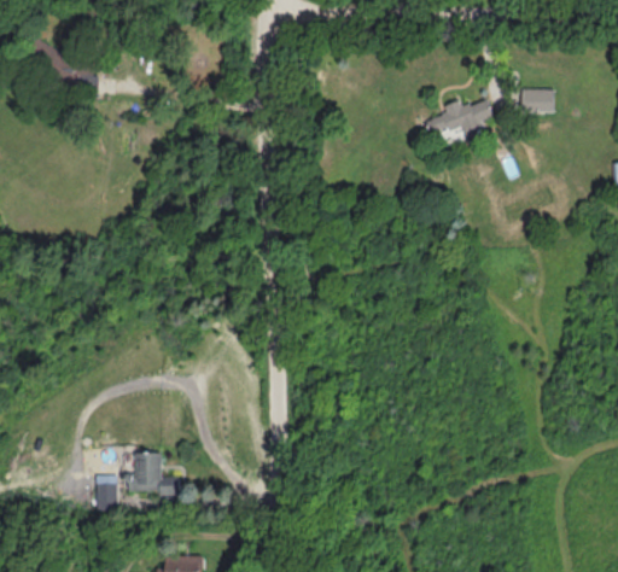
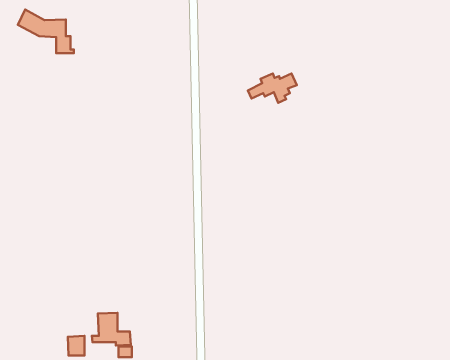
building: [520,89,553,112] -> none
building: [426,99,492,139] -> [248,74,297,103]

